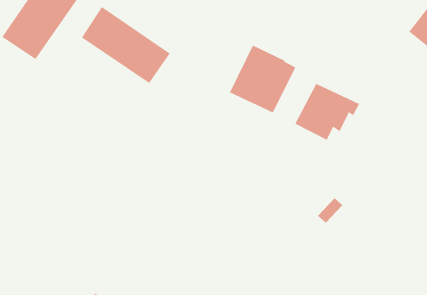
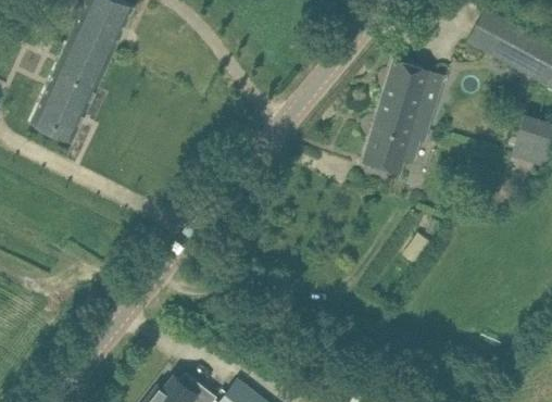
building: [81,6,171,84] -> none
building: [229,45,296,113] -> [377,59,444,128]

